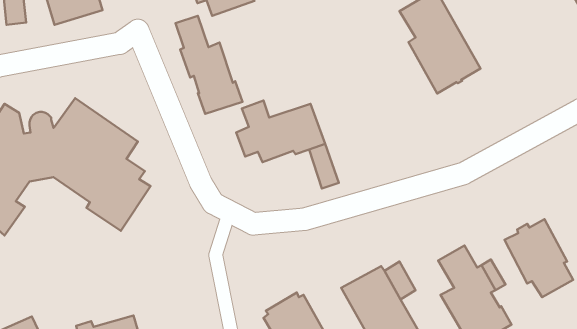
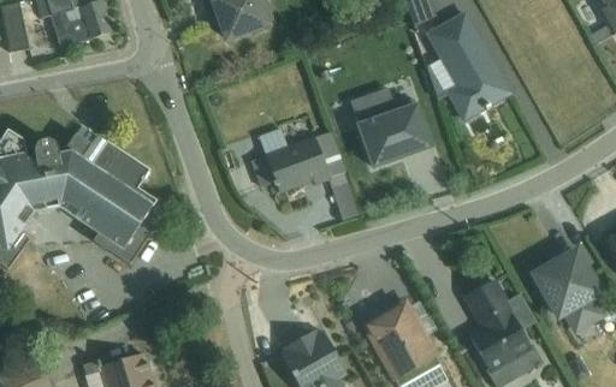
building: [176,16,242,114] -> none
building: none -> [349,88,430,166]

